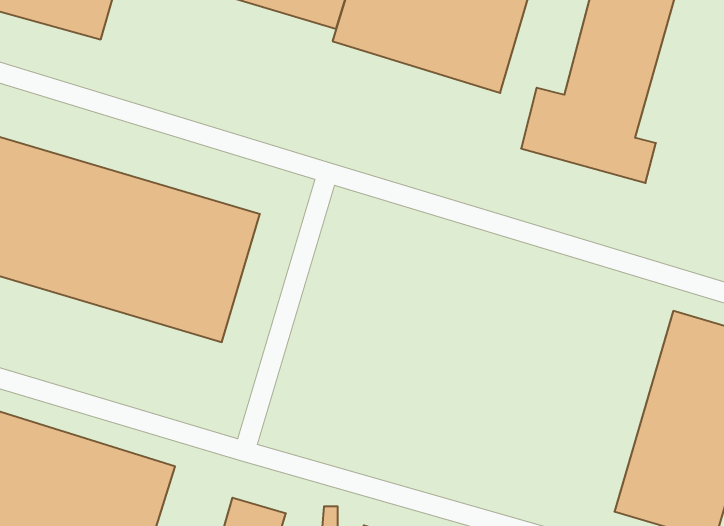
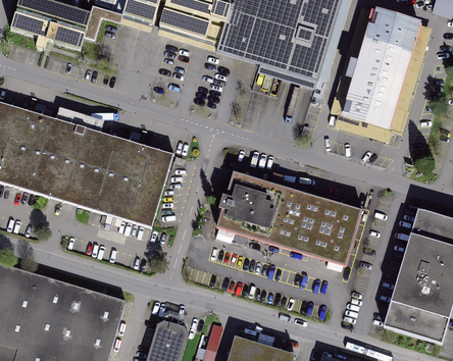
building: none -> [216,171,362,264]

